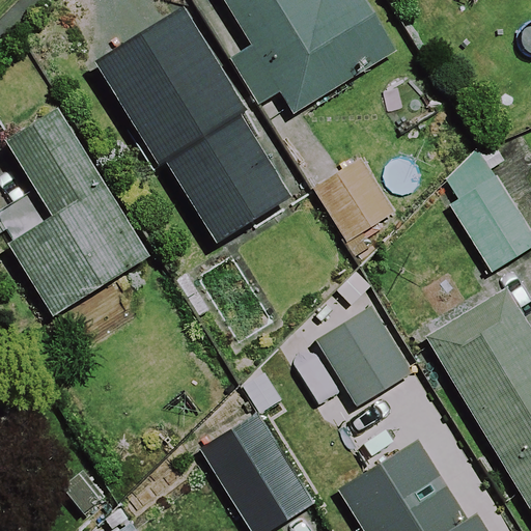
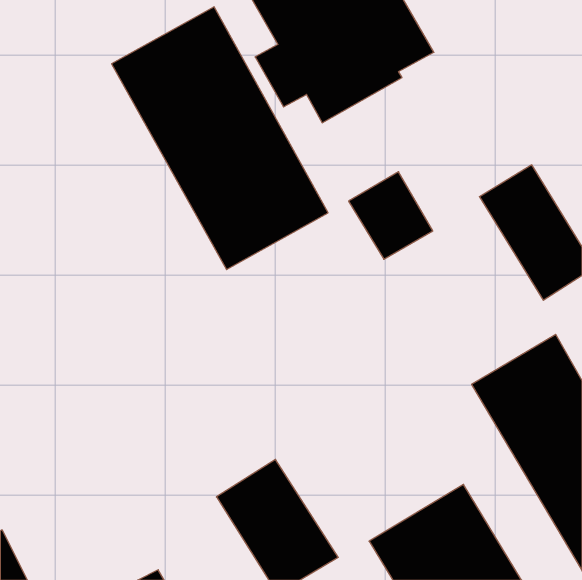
building: [6,107,147,310] -> none
building: [313,314,410,417] -> none

